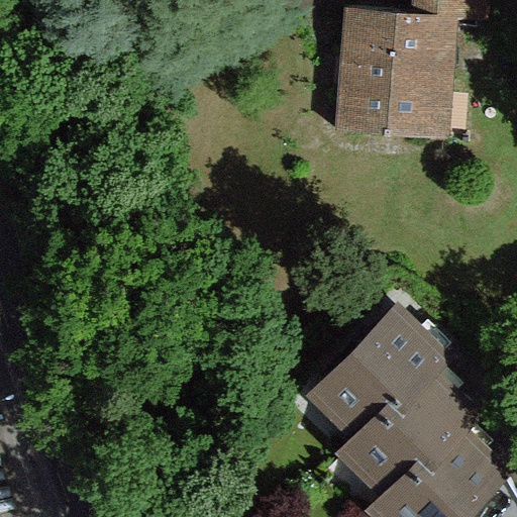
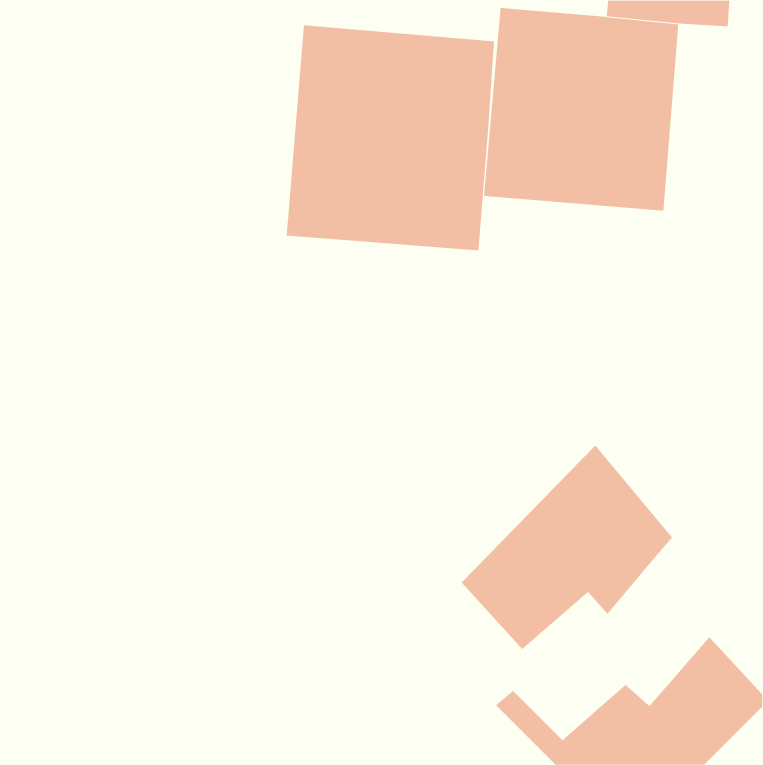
building: none -> [286,25,494,251]
building: [336,378,485,499] -> none

